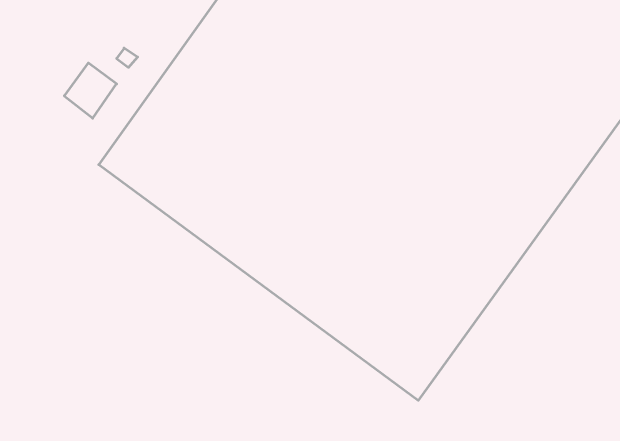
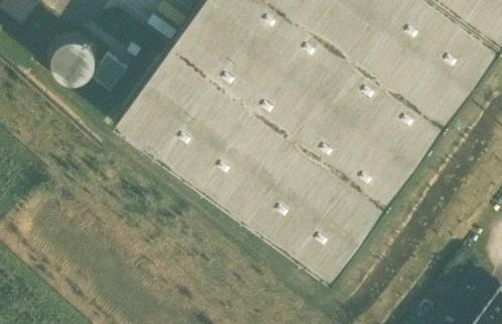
building: none -> [52,38,95,82]

